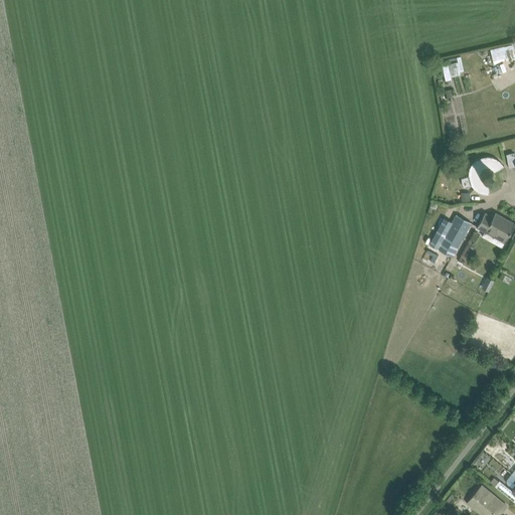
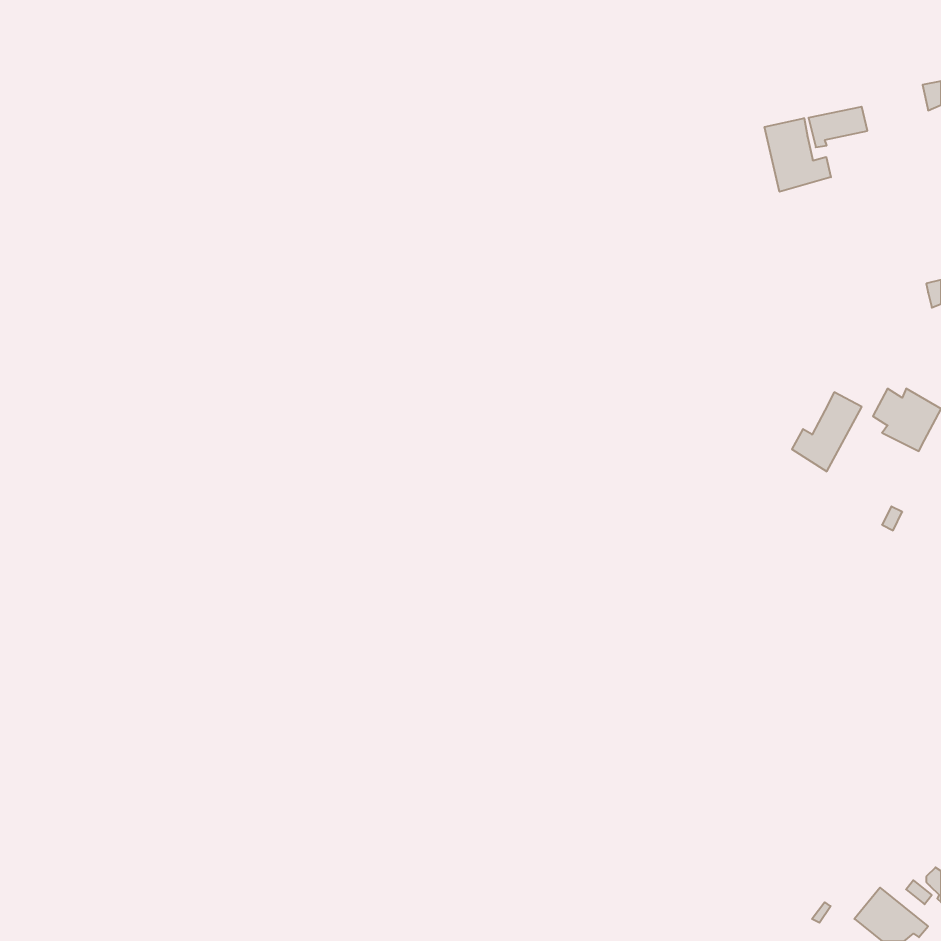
building: none -> [765,118,831,192]
building: [469,157,504,194] -> none

